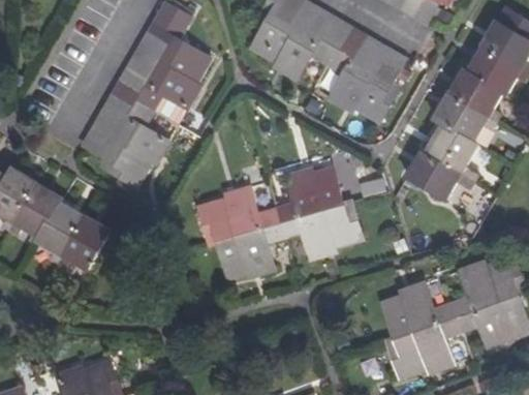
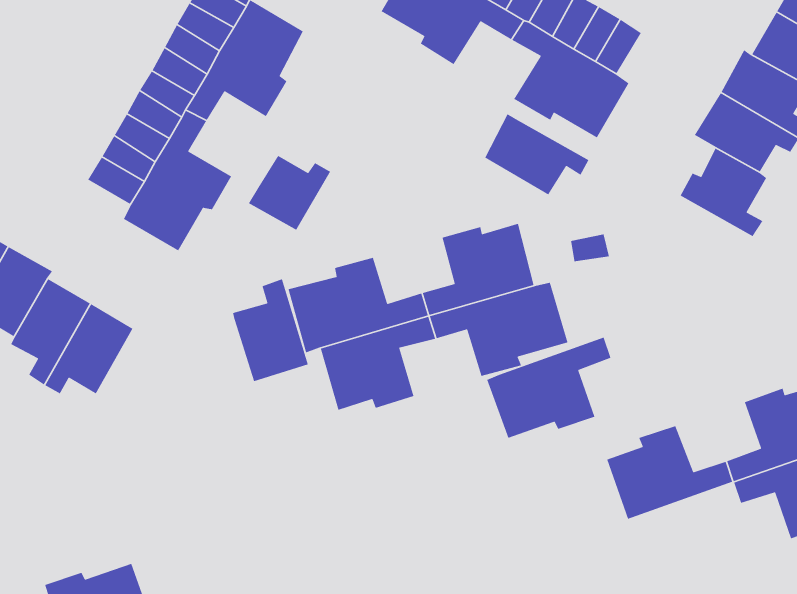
building: none -> [248,155,331,231]
building: [406,149,467,196] -> [484,113,590,195]
building: none -> [232,278,309,382]
building: [387,317,460,376] -> [486,337,611,439]

